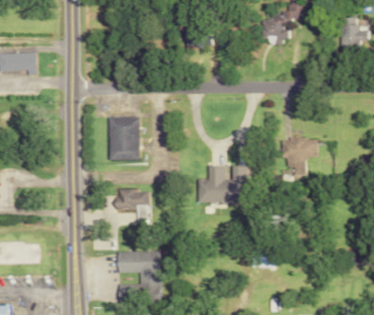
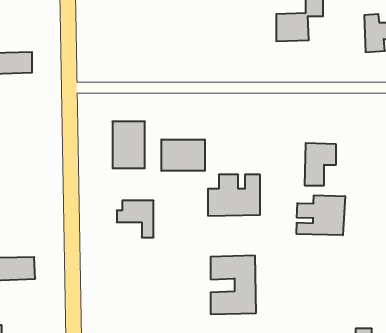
building: none -> [161,139,205,171]
building: none -> [297,195,345,235]
building: [119,251,161,305] -> [211,256,256,314]

